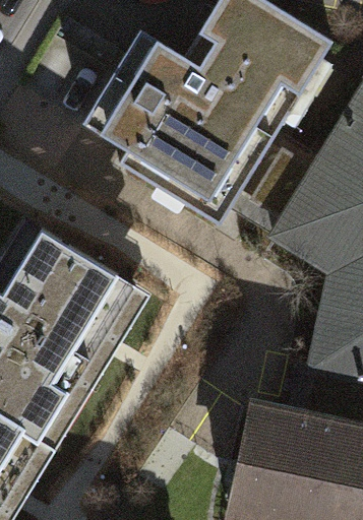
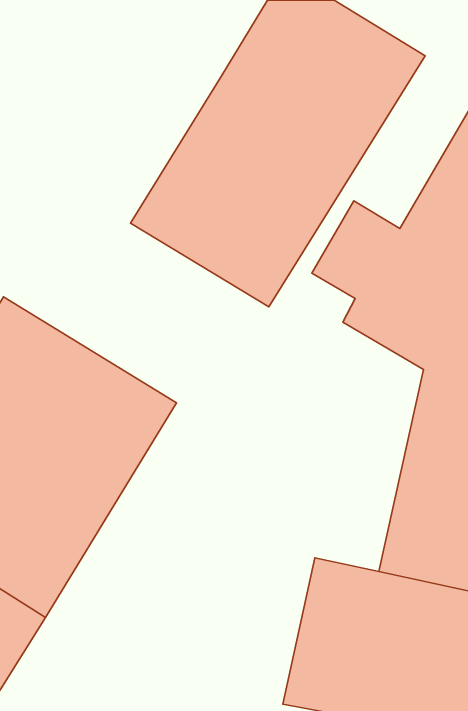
building: [81,30,183,150] -> none

